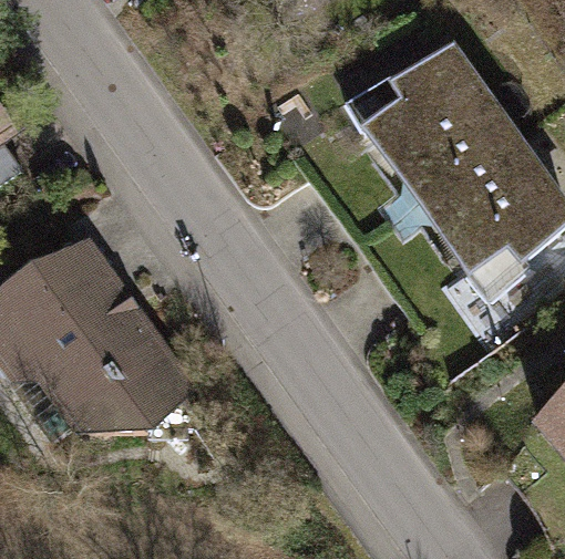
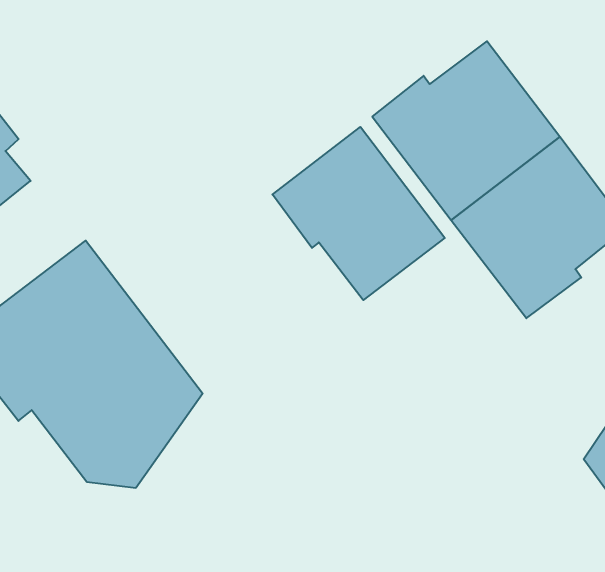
building: none -> [272,127,445,300]

